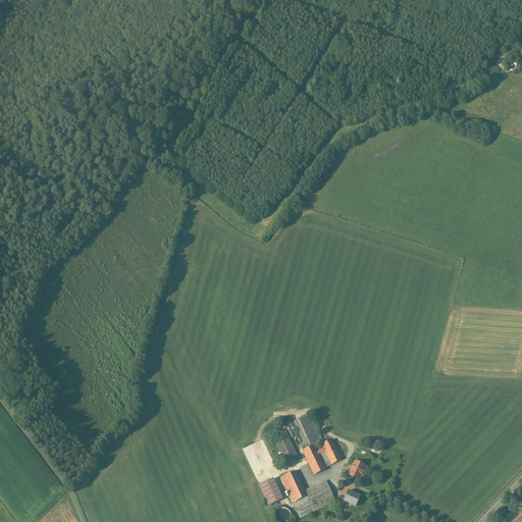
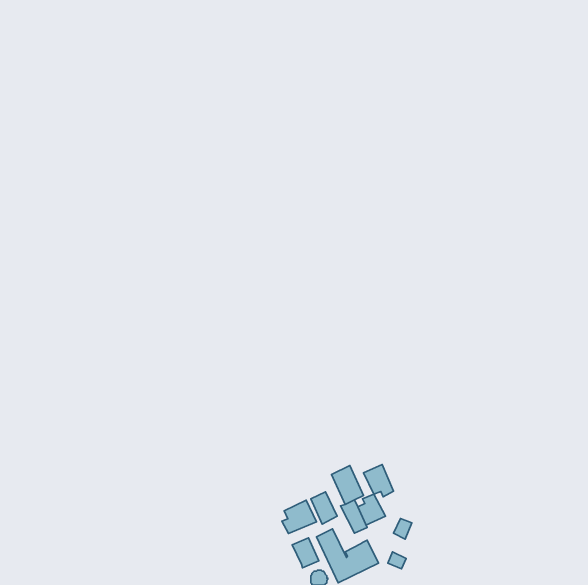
building: none -> [364,464,393,497]
building: none -> [282,500,316,533]

